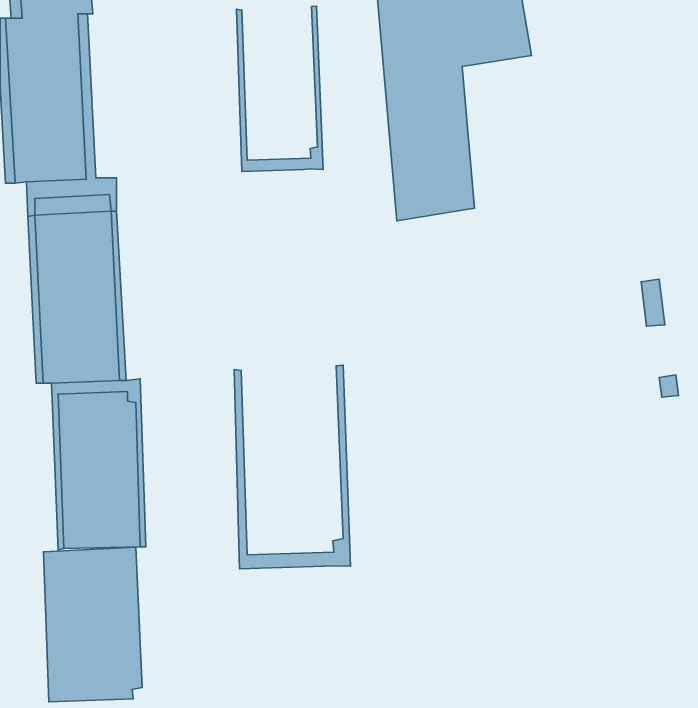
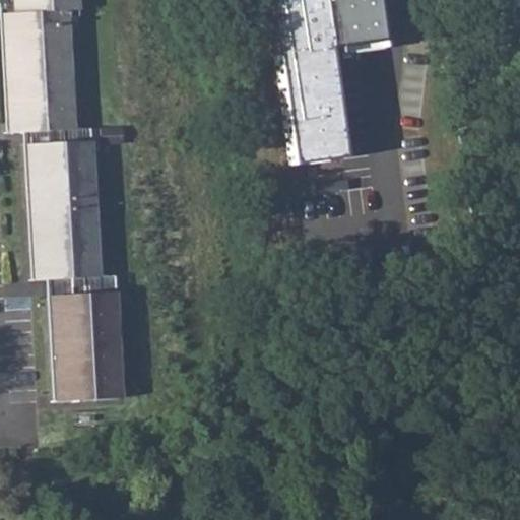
building: [237,6,323,171] -> none
building: [234,365,350,569] -> none
building: [44,547,142,702] -> none

